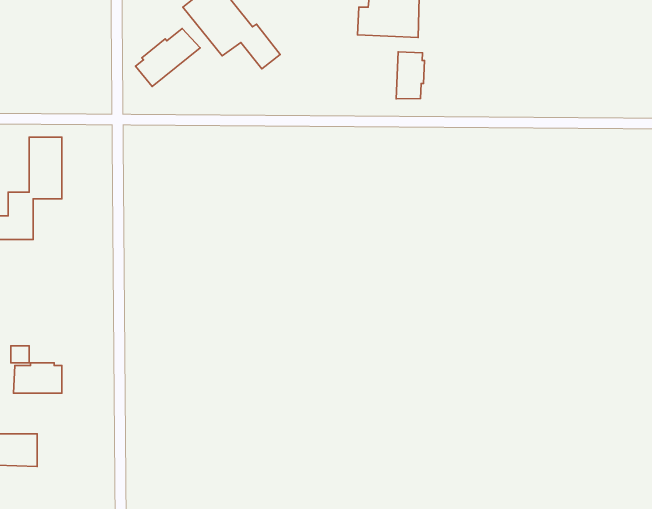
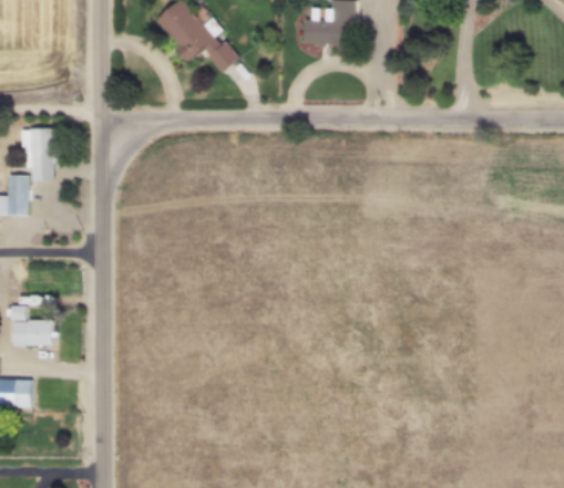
building: [136,28,200,87] -> none
building: [396,52,425,99] -> none

